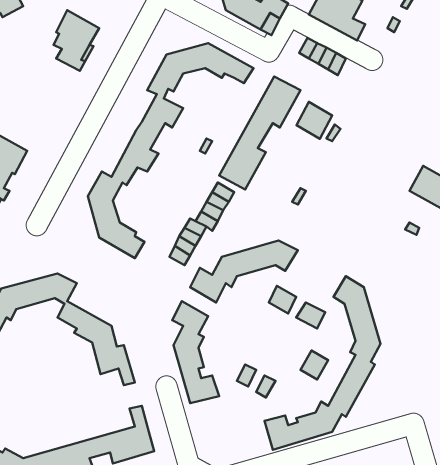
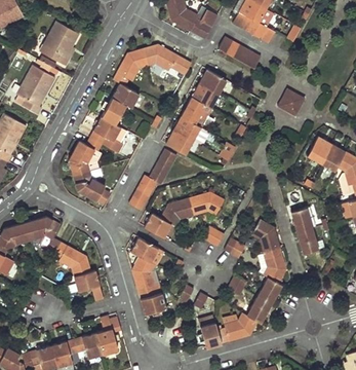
building: none -> [16,65,53,114]
building: [296,102,332,139] -> [279,88,306,116]
building: none -> [292,208,320,254]

